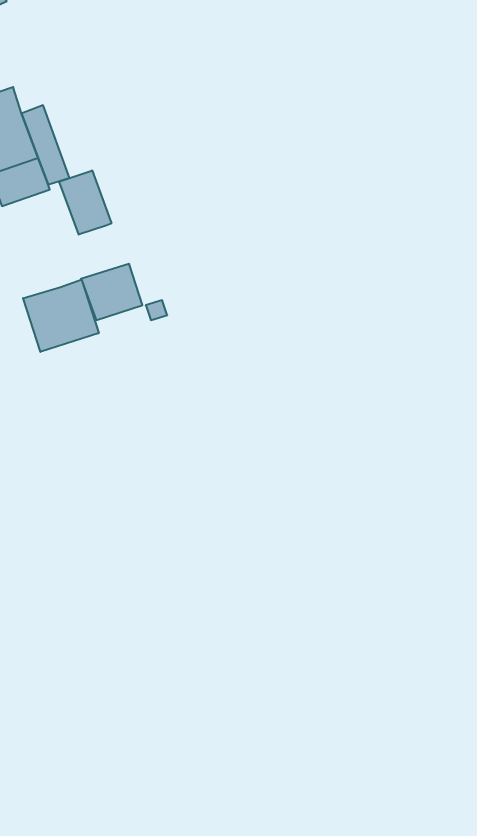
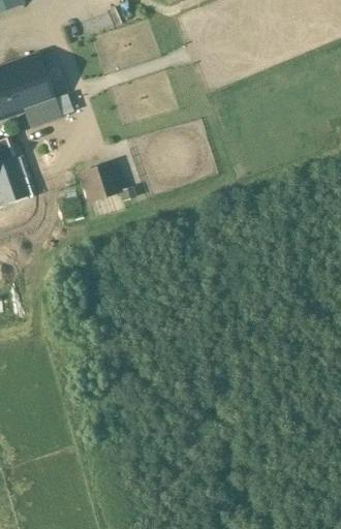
building: [59,170,111,235] -> none
building: [23,279,99,352] -> none

